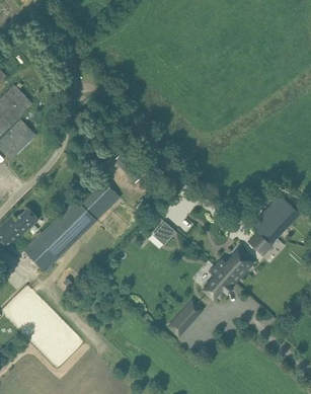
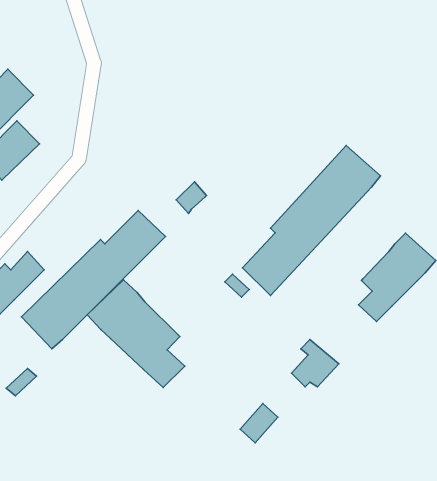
building: none -> [242,145,380,295]
building: none -> [87,280,185,388]
building: [215,249,251,282] -> none

